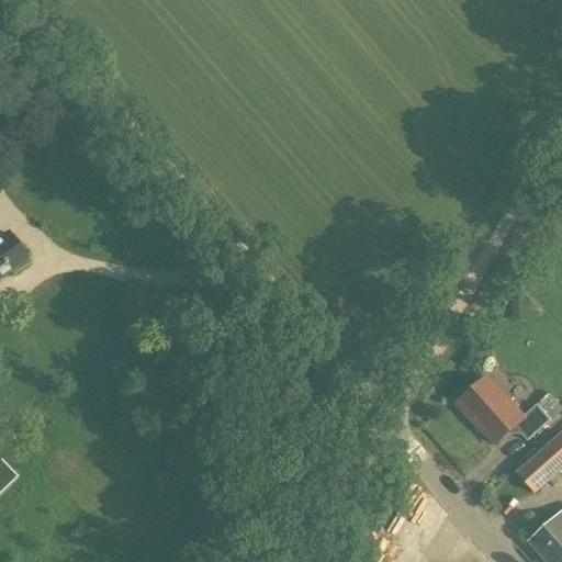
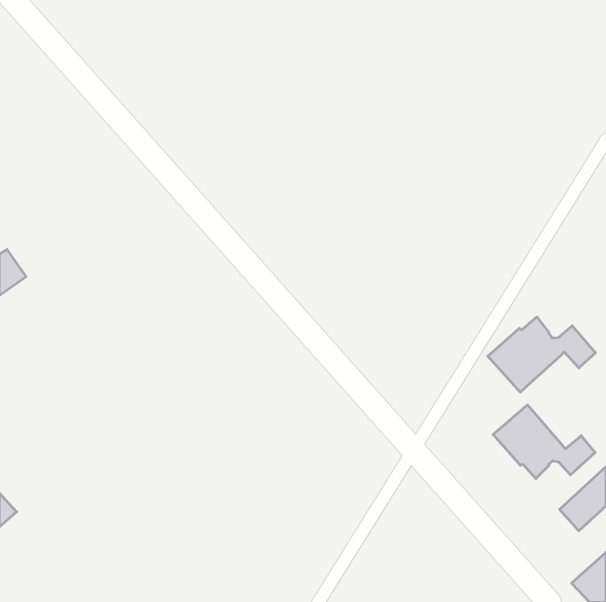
building: none -> [488,317,596,392]

